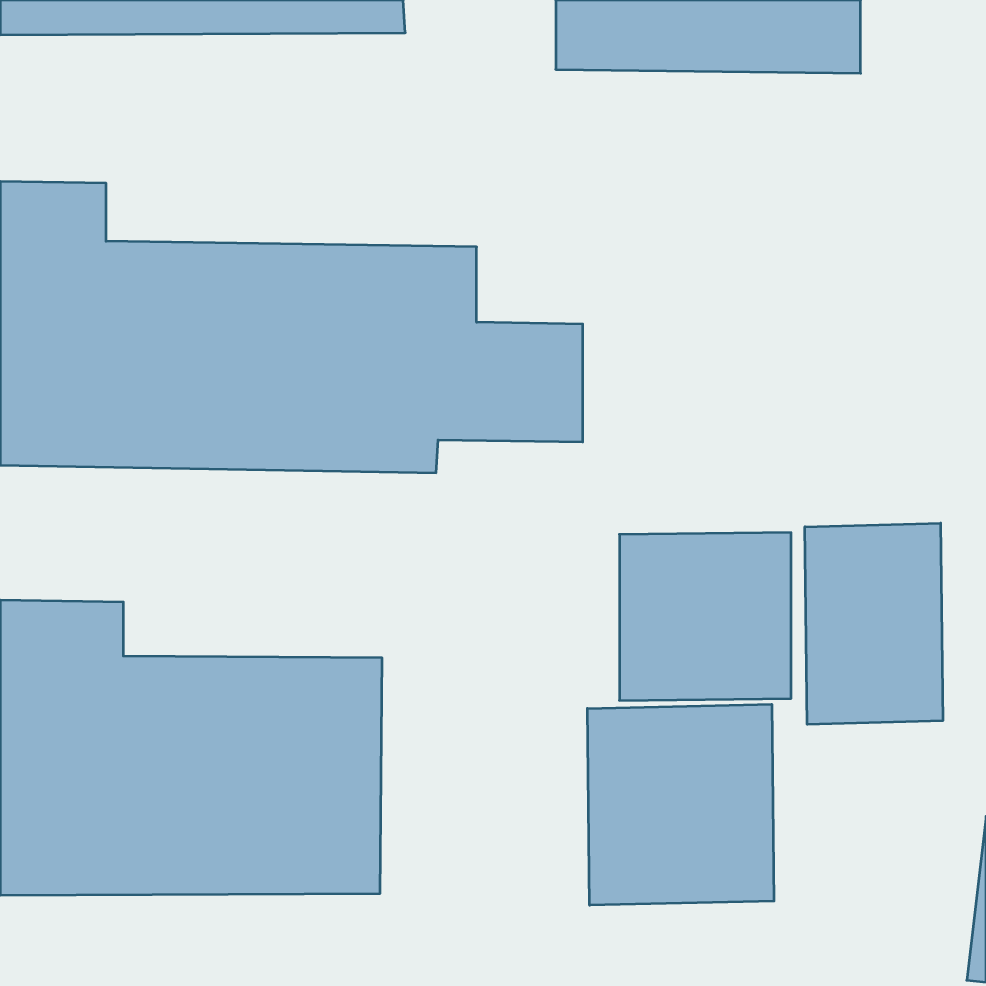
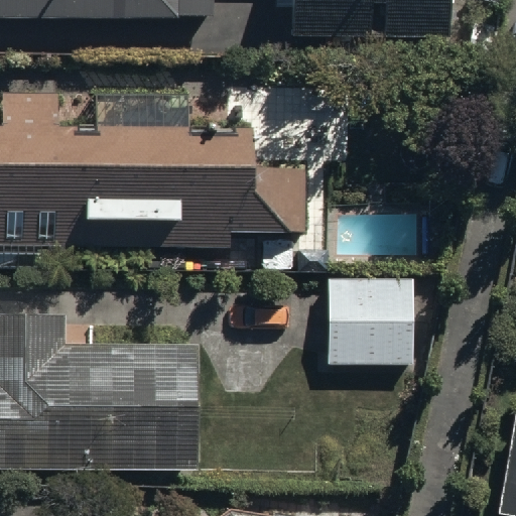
building: [805,523,943,724] -> none
building: [587,704,774,905] -> none

